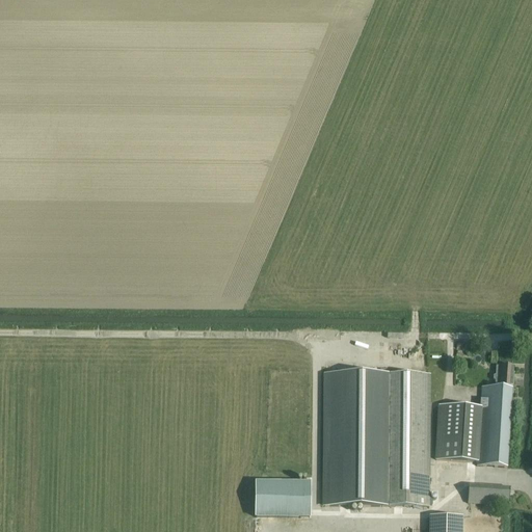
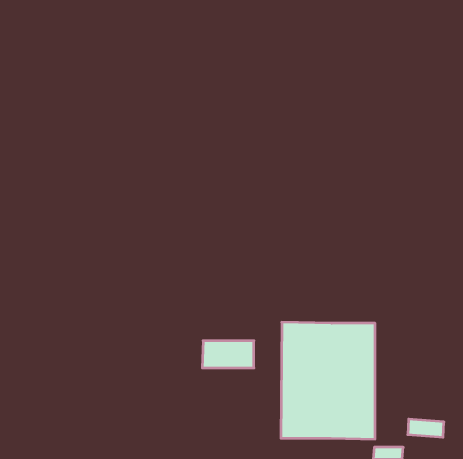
building: [436,362,512,464] -> none
building: [252,483,312,514] -> [202,341,254,368]

